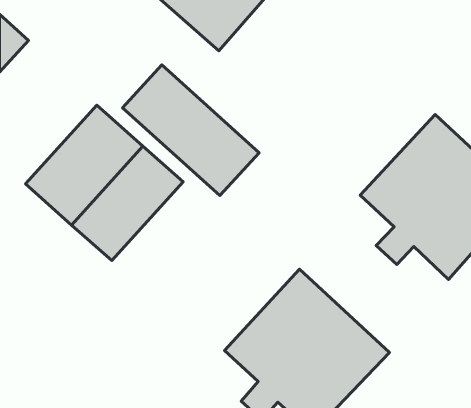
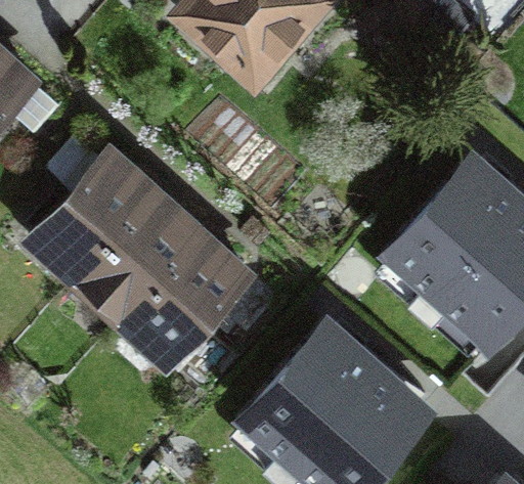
building: [123,65,259,196] -> none
building: none -> [128,231,254,360]

